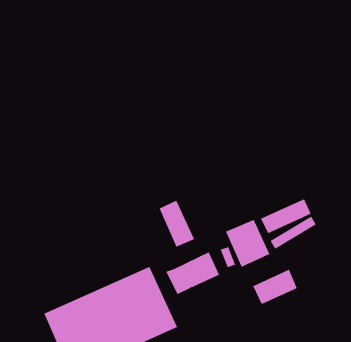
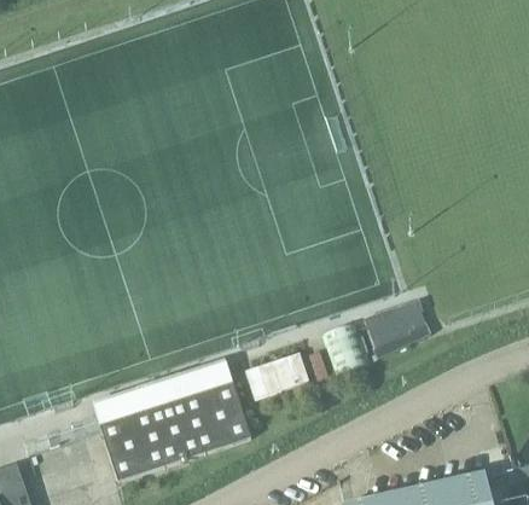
building: [159,200,195,247] -> none
building: [253,269,298,305] -> none

